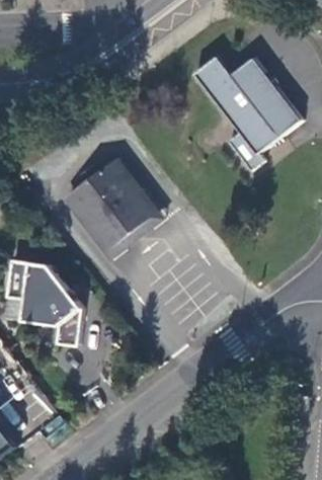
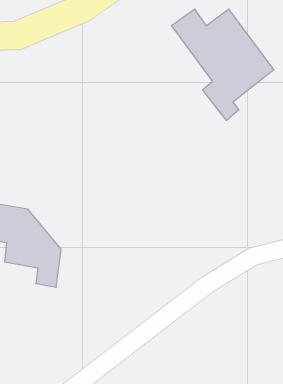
building: [67,157,154,247] -> none

